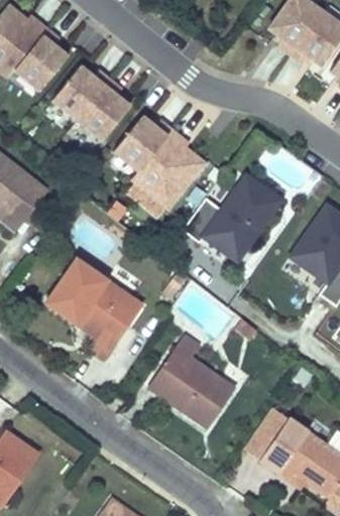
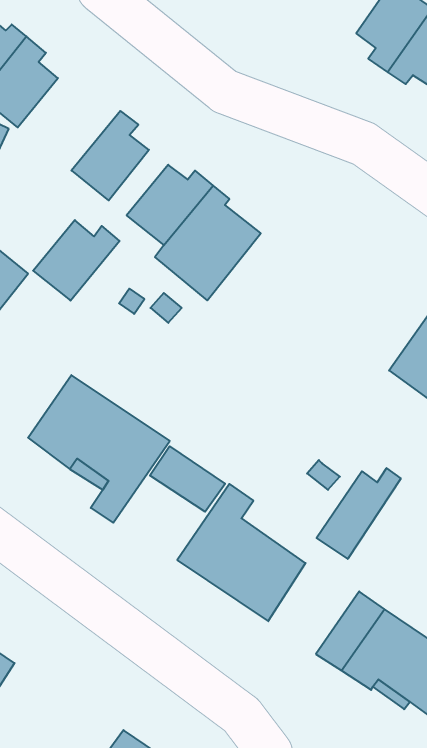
building: [51,67,110,121] -> [33,220,120,301]
building: [184,175,281,254] -> none
building: none -> [150,446,225,512]
building: none -> [317,468,401,559]

